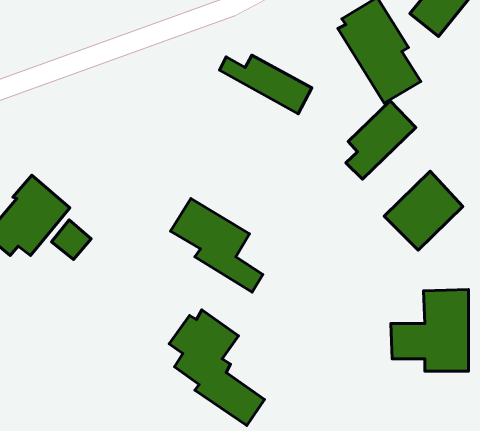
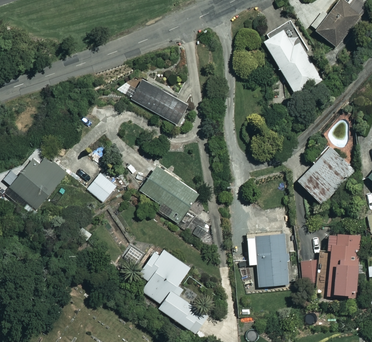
building: [219,55,312,114] -> [118,80,186,123]
building: [346,101,416,179] -> none
building: [52,220,91,259] -> [87,172,116,201]
building: none -> [241,232,299,288]

